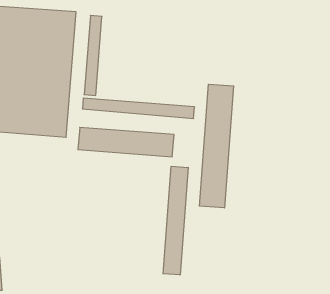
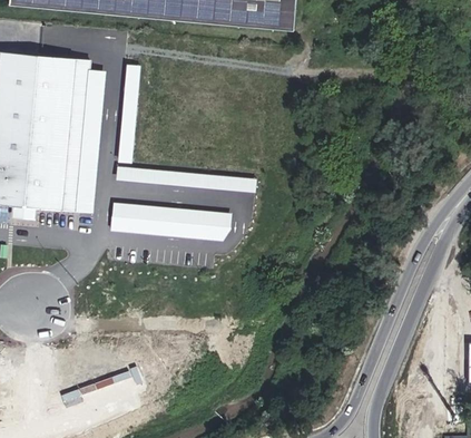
building: [199,84,234,208] -> none
building: [163,166,188,275] -> none

